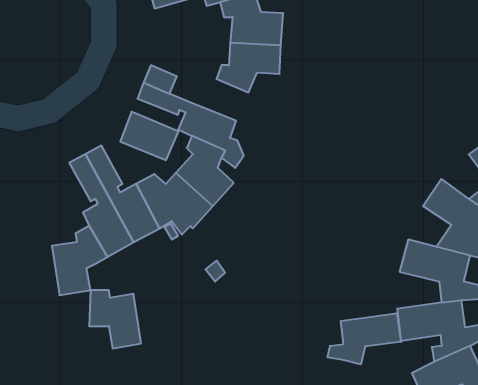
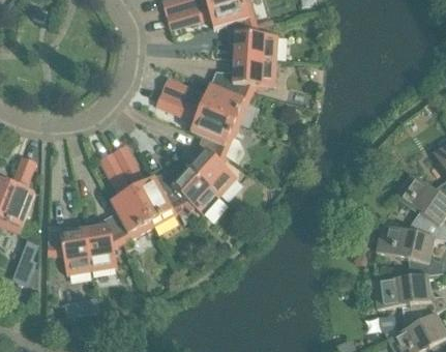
building: [120,112,178,160] -> [201,84,249,124]
building: [89,290,141,348] -> [48,226,91,274]
building: [328,313,401,364] -> none

